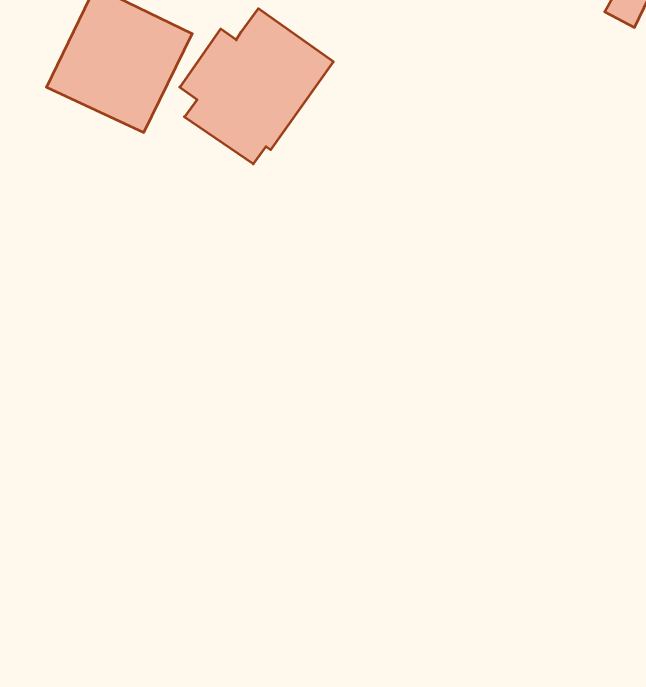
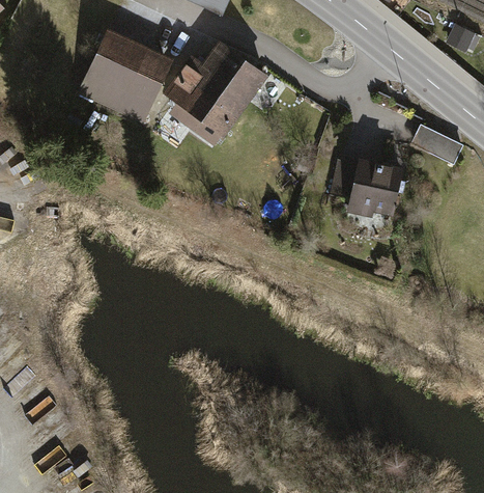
building: none -> [411,125,463,164]
building: none -> [332,158,404,218]

